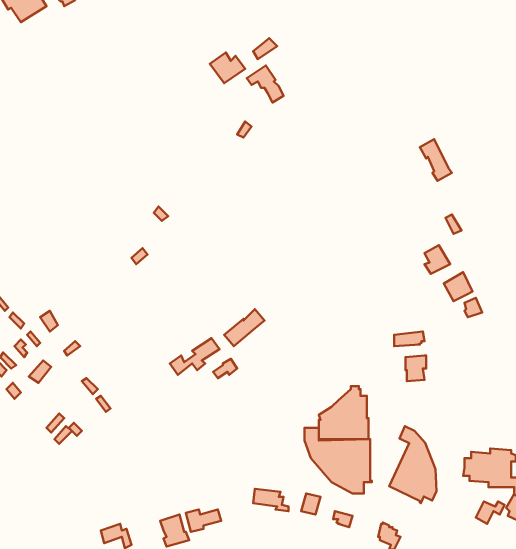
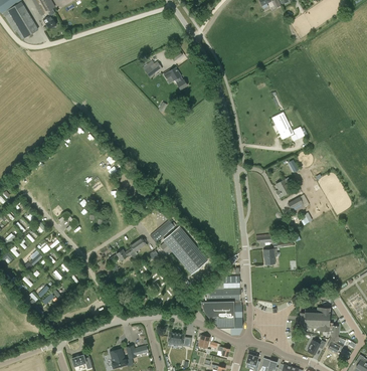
building: none -> [160,226,208,275]
building: [389,426,436,503] -> none

